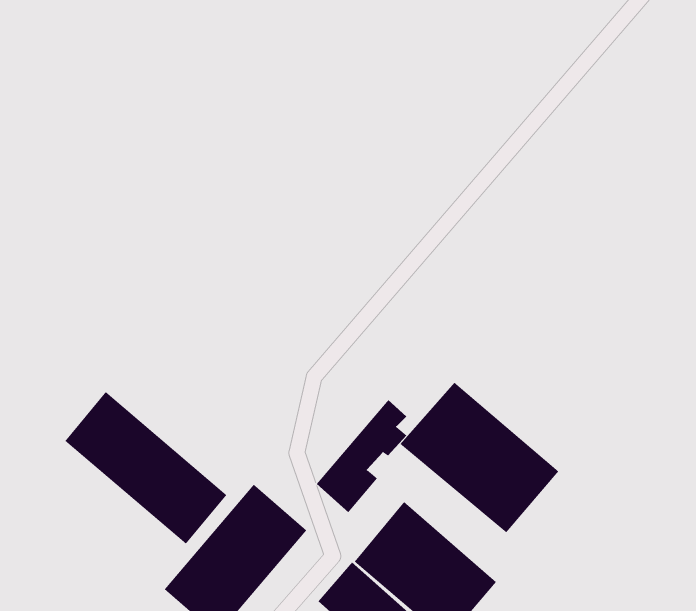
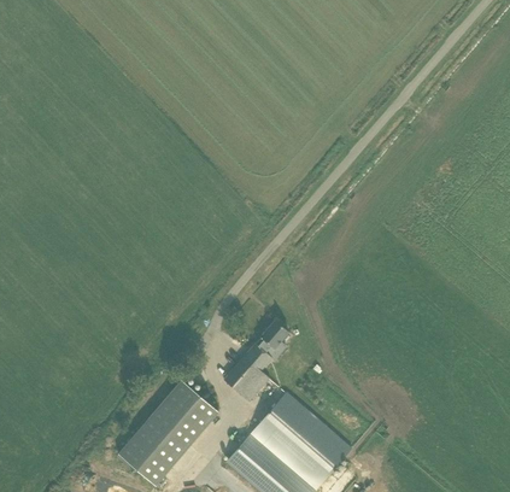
building: [400,382,559,533] -> none
building: [65,391,227,545] -> none

